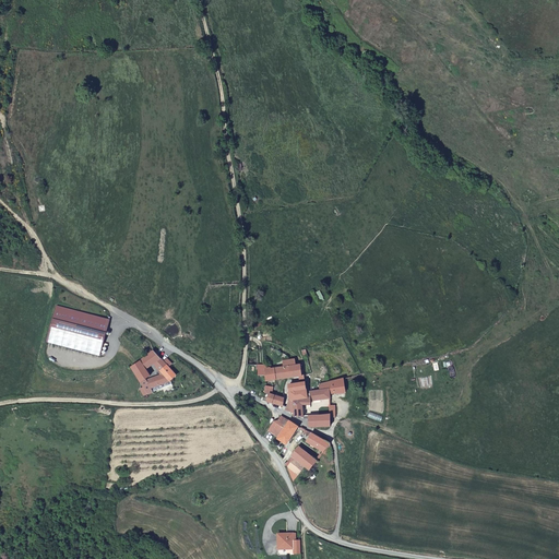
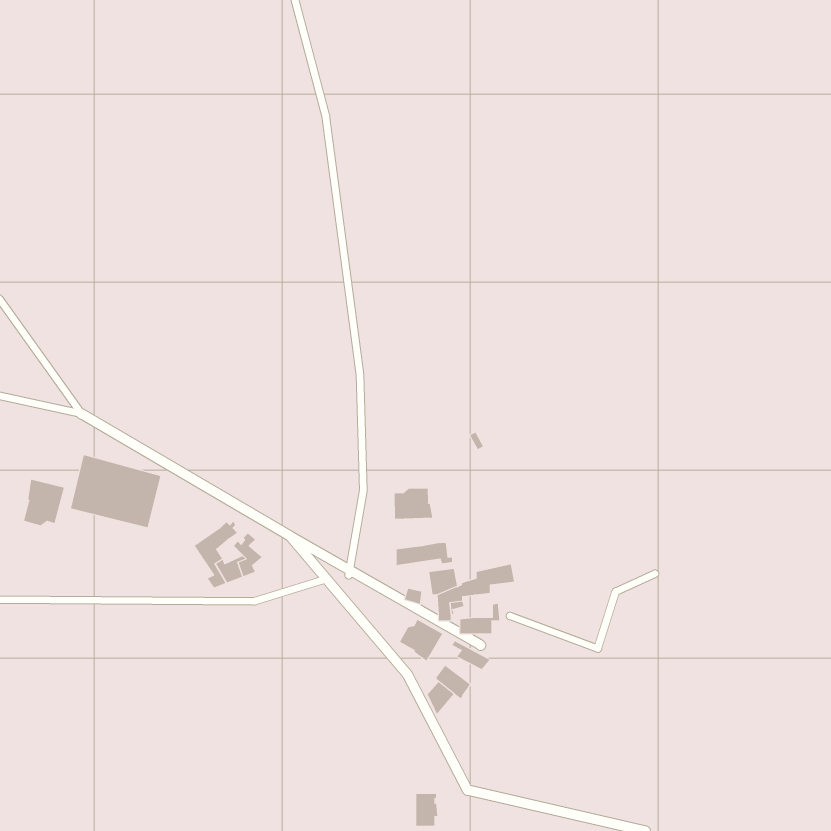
building: none -> [23,479,65,526]
building: none -> [394,488,433,520]

